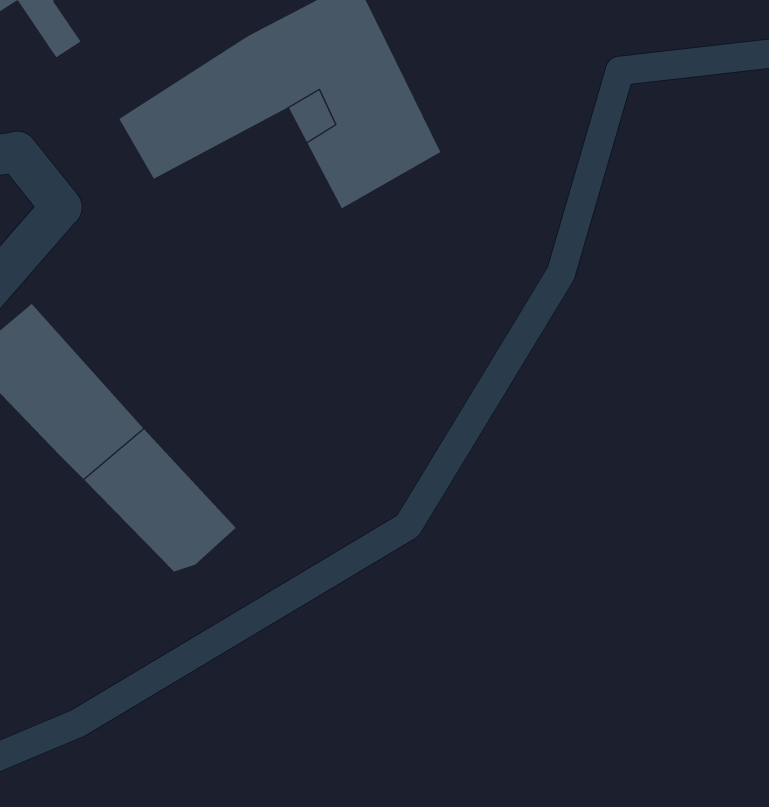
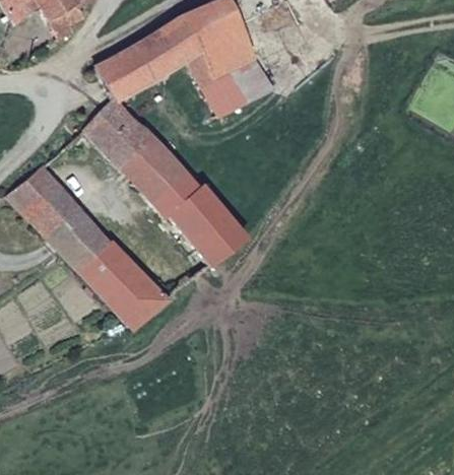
building: none -> [85,101,240,256]

